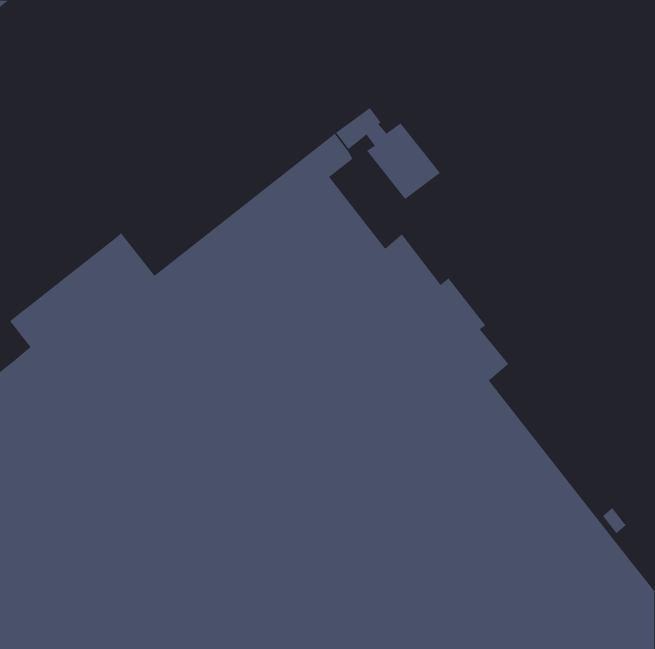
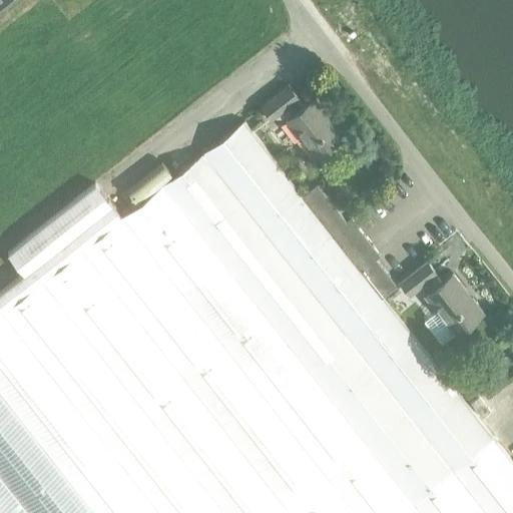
building: none -> [399,268,480,339]

